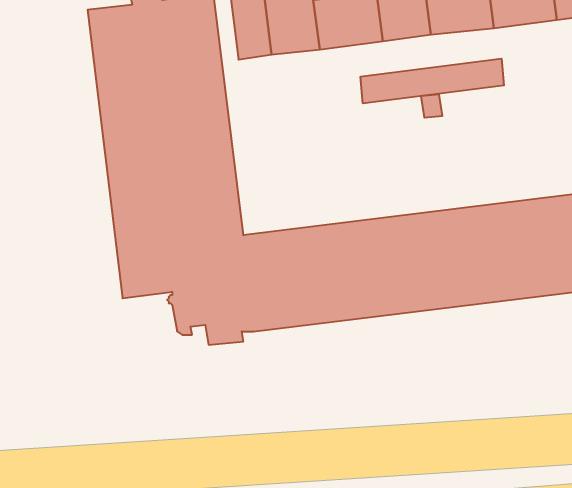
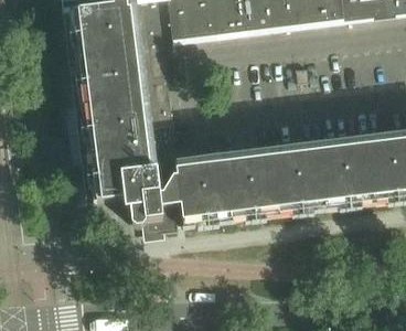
building: [361,59,504,103] -> none

